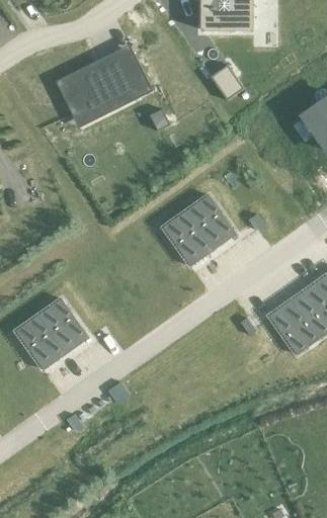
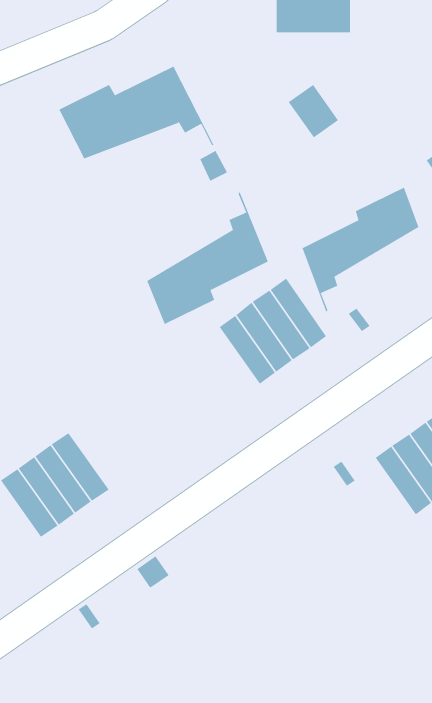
building: none -> [302,187,419,313]
building: none -> [147,191,269,325]

